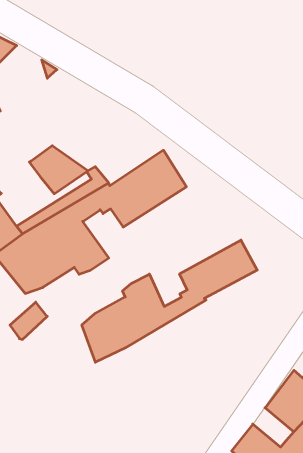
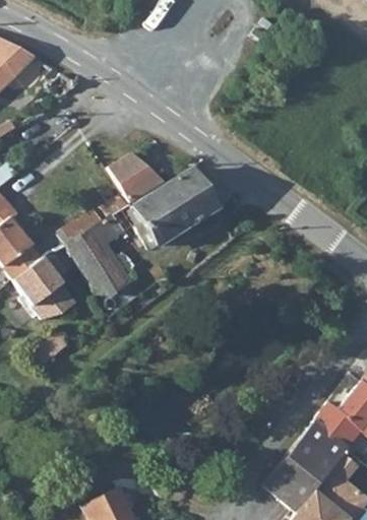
building: [29,146,88,194] -> [107,152,169,203]
building: [82,240,257,362] -> none
building: none -> [286,441,329,482]

